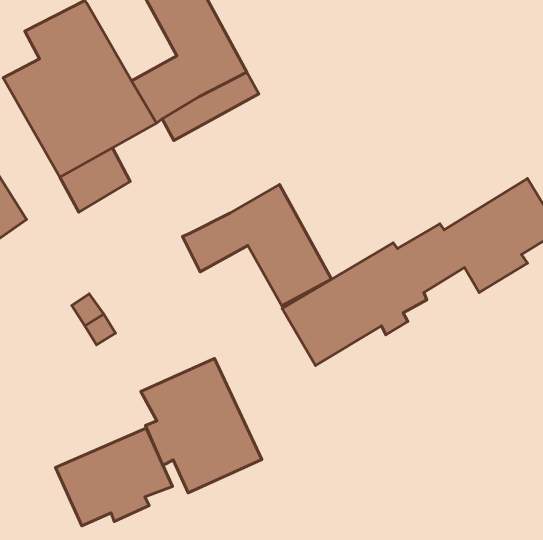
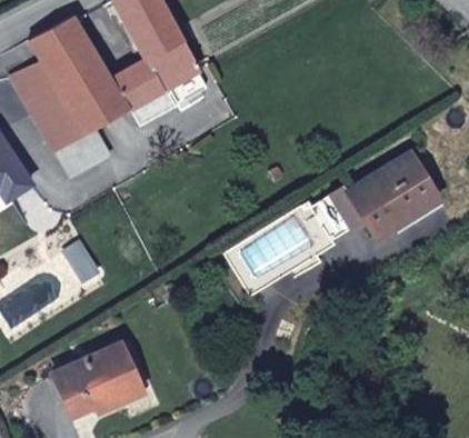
building: [183,185,332,306] -> none
building: [141,358,262,493] -> none

